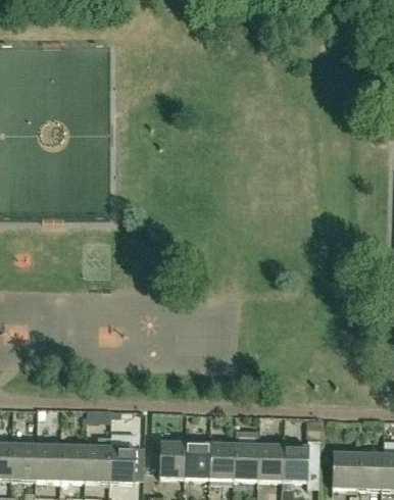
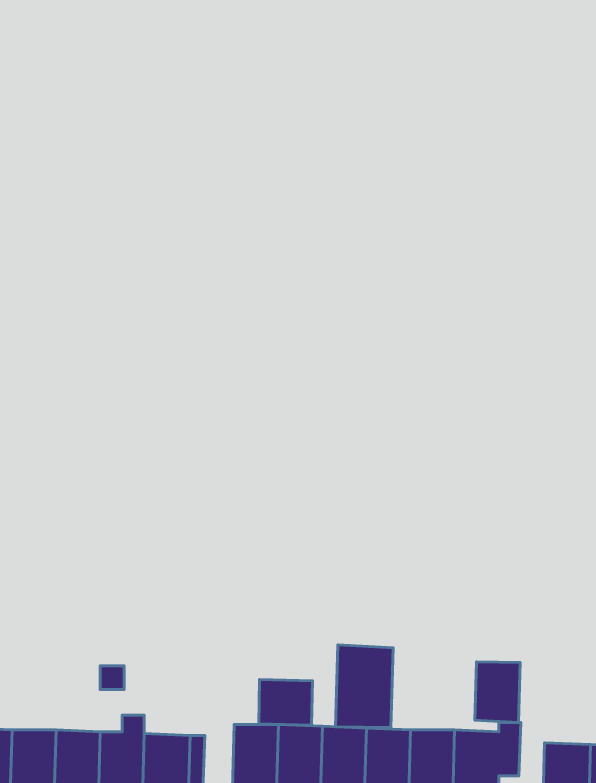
building: none -> [335,645,393,728]
building: none -> [475,662,520,723]
building: none -> [259,679,312,725]

